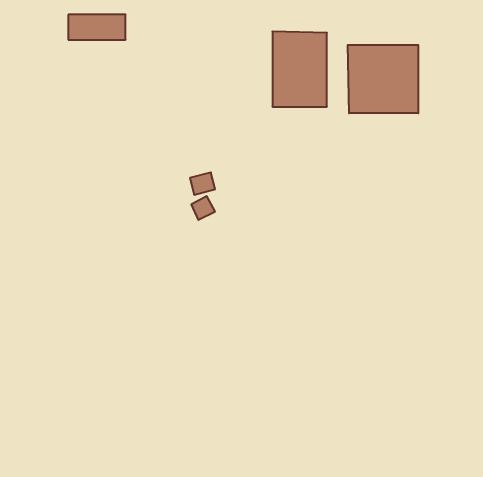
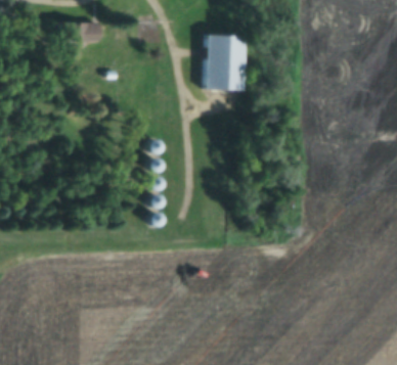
building: [348,45,418,113] -> none

